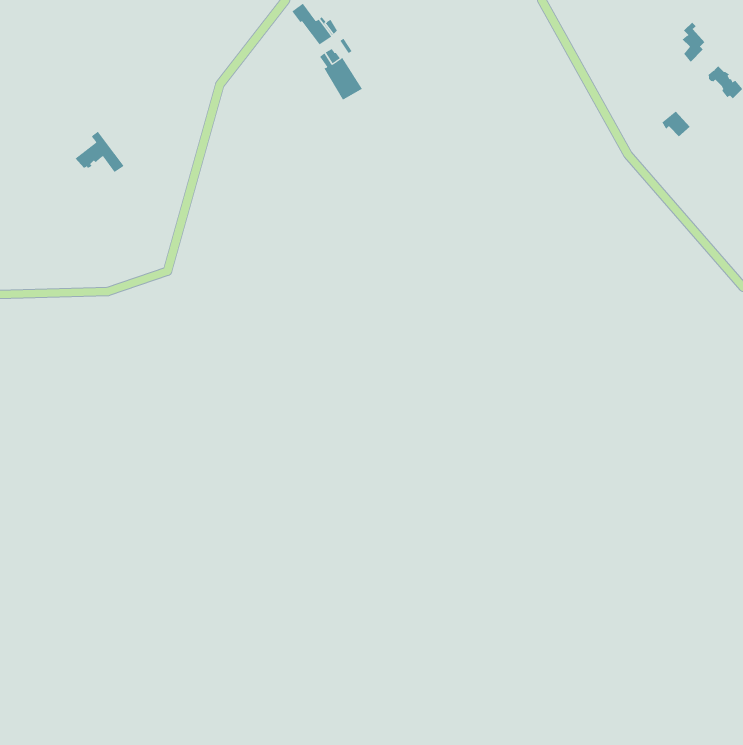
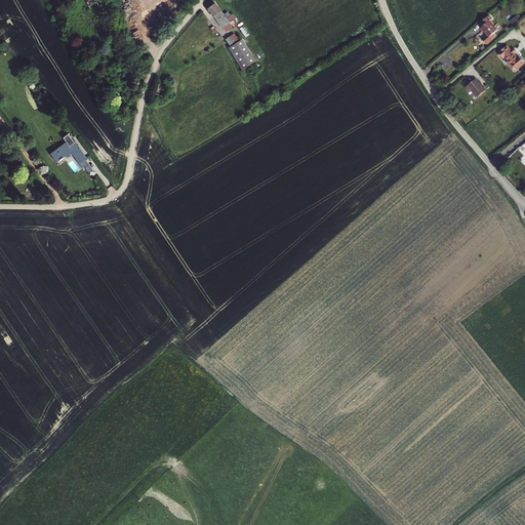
building: [75,131,124,173] -> [50,133,85,163]

